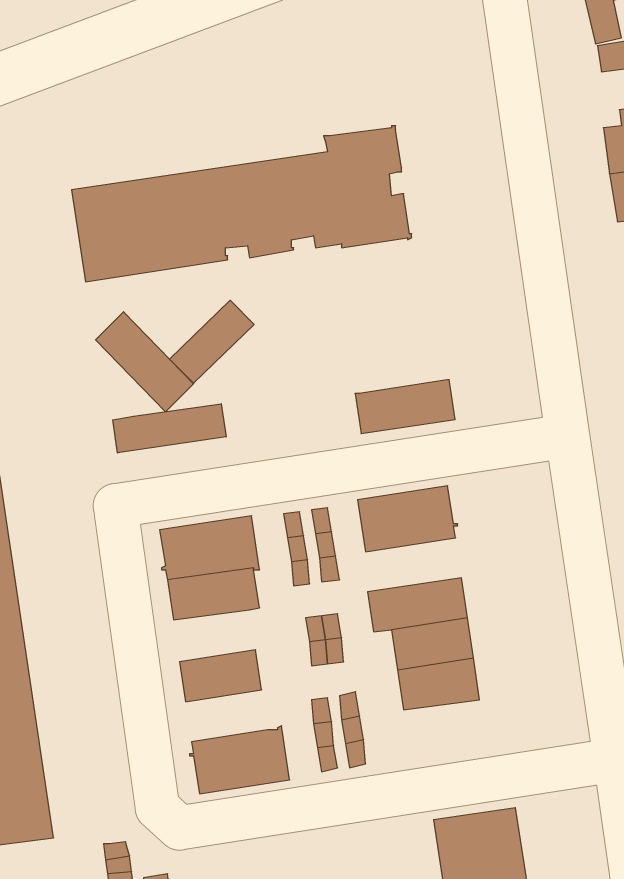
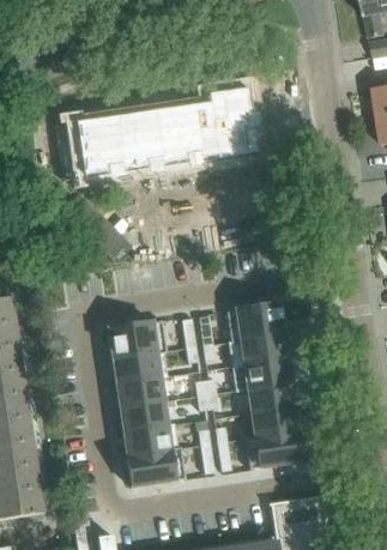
building: [170,300,254,383] -> none
building: [355,380,455,434] -> [228,333,288,365]
building: [113,404,226,453] -> none
building: none -> [115,376,164,407]
building: none -> [122,423,177,455]
building: none -> [244,430,303,469]

